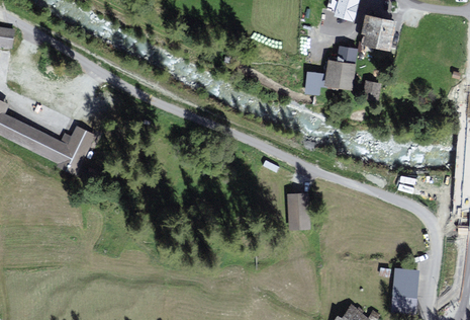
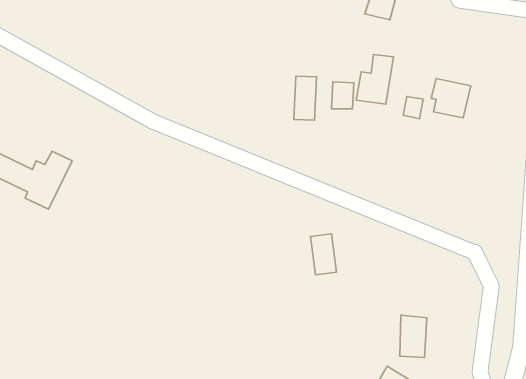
building: [362,16,394,49] -> [431,78,471,118]
building: none -> [294,76,317,120]
building: [393,271,415,306] -> [400,315,427,357]

